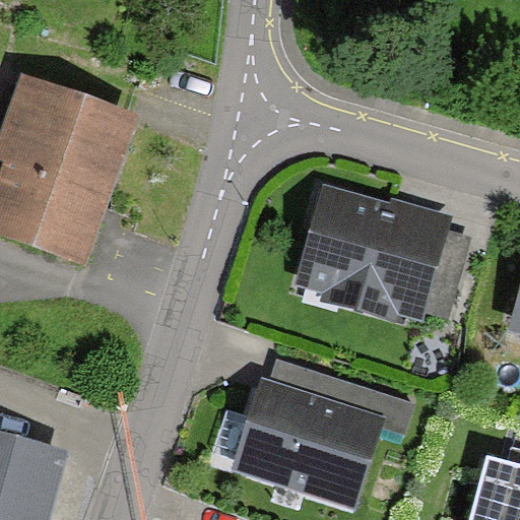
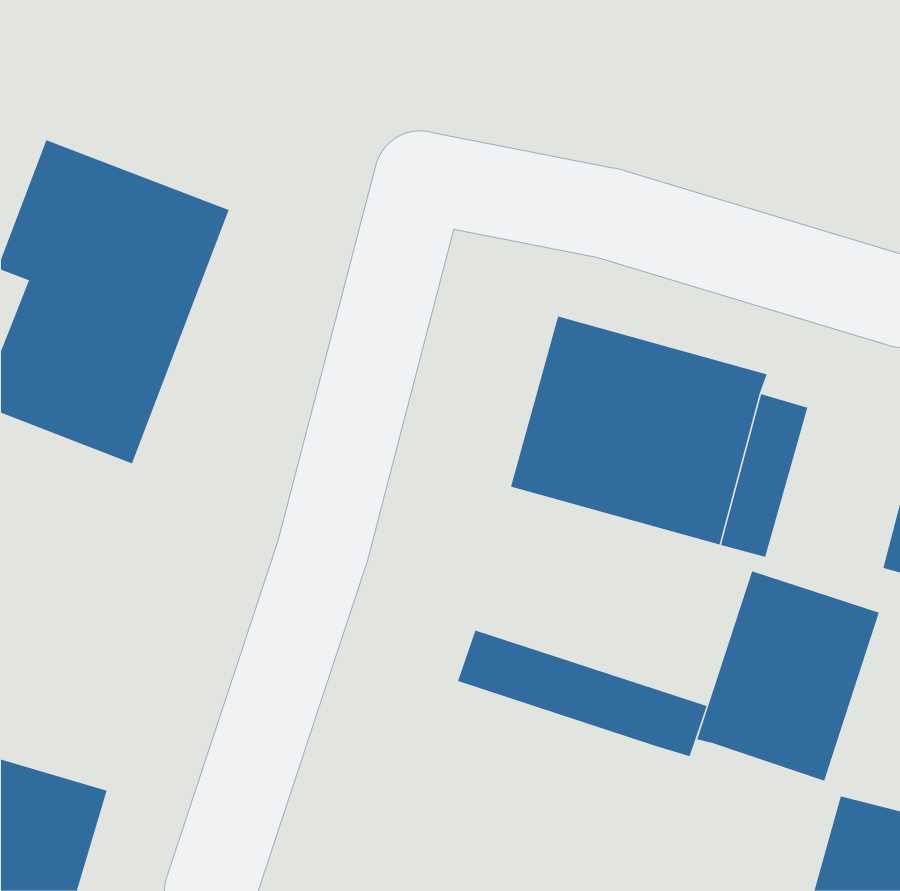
building: none -> [697,571,880,781]
building: [240,392,378,502] -> none

